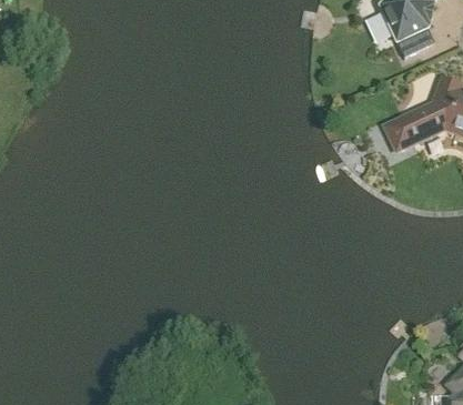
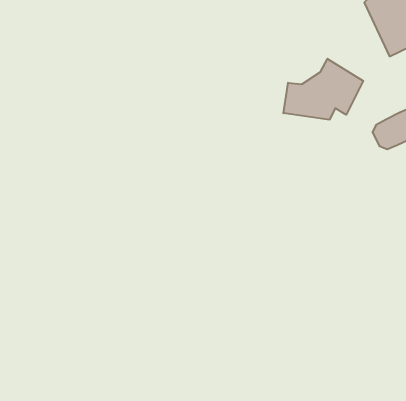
building: none -> [283,59,363,120]

